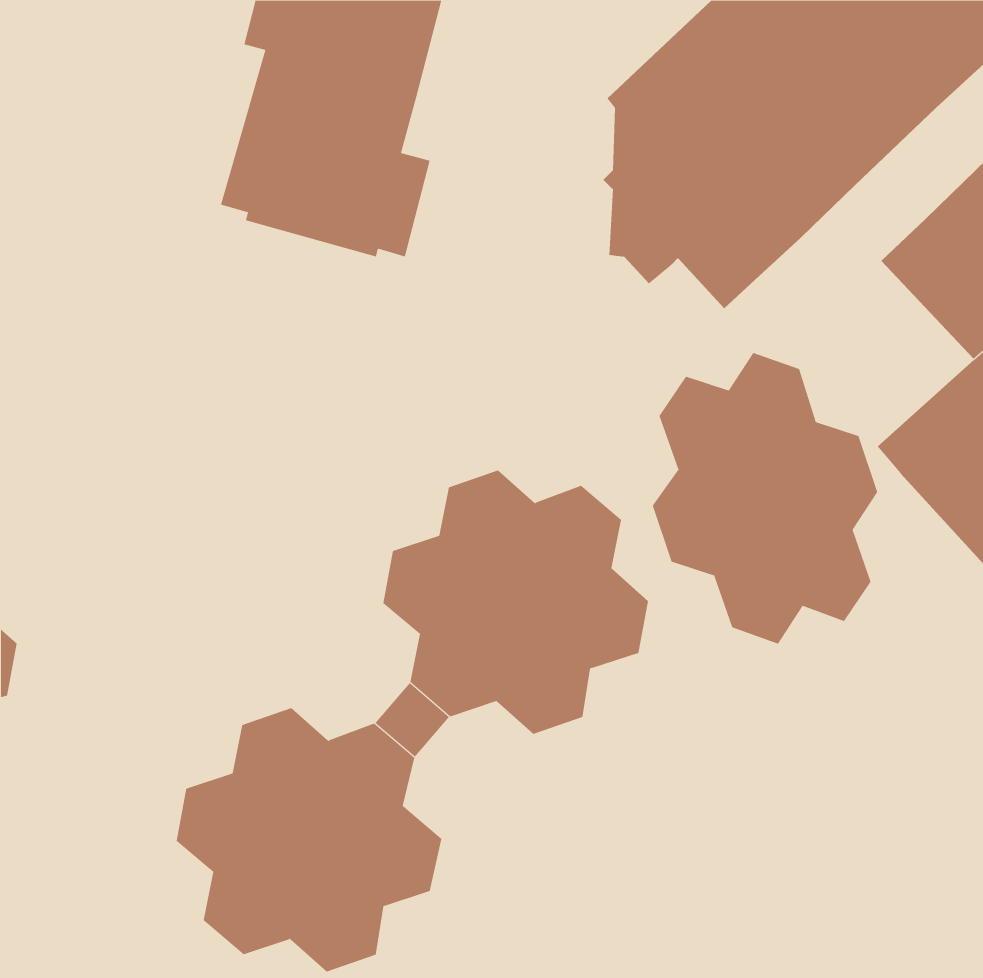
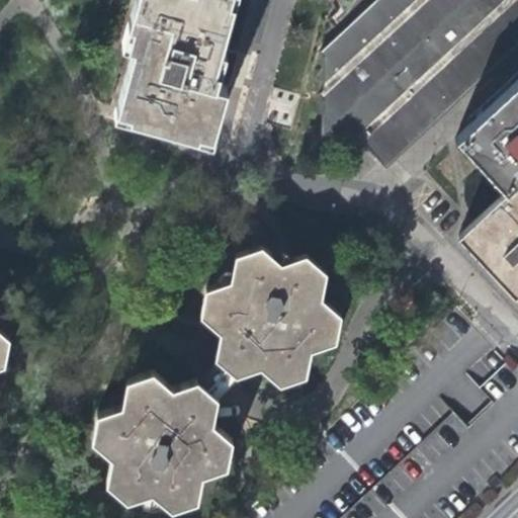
building: [652,352,878,644] -> none

